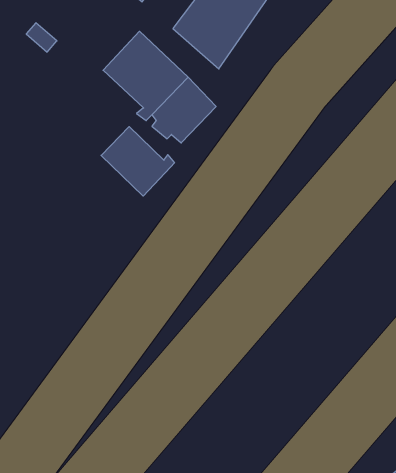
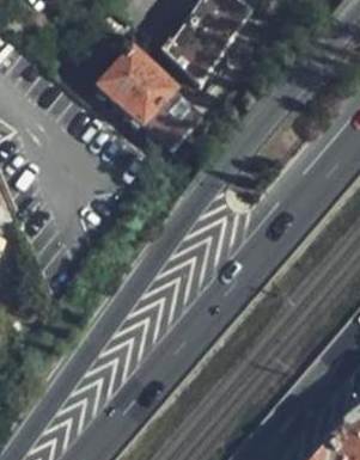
building: [101,127,174,196] -> none

